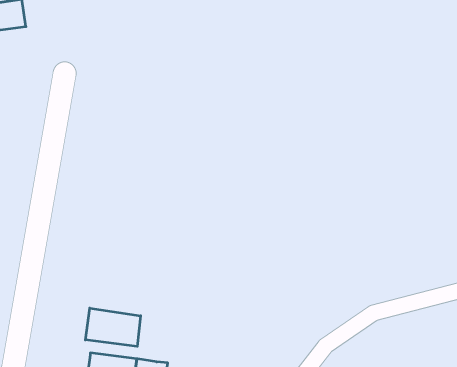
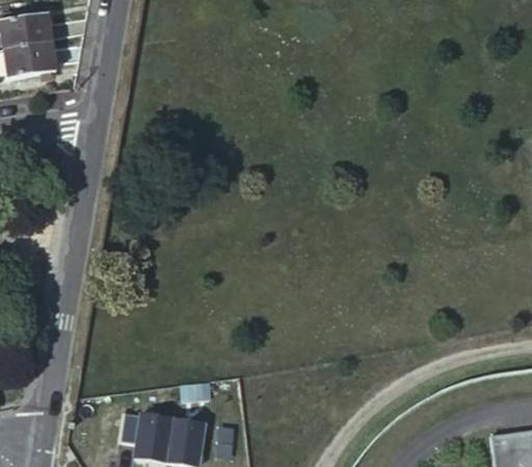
building: [85,308,141,346] -> none

